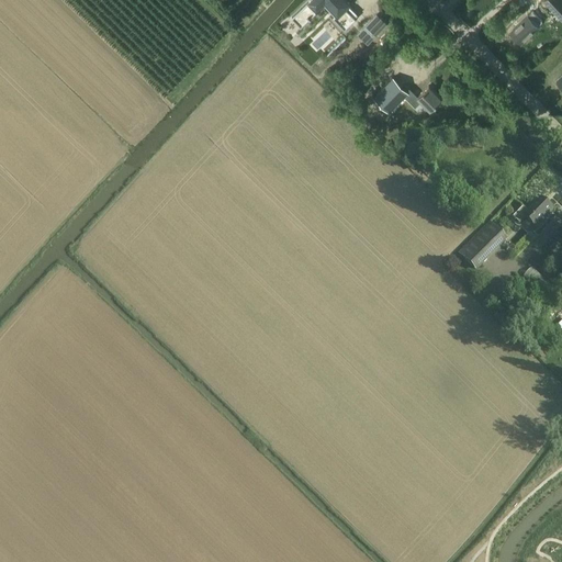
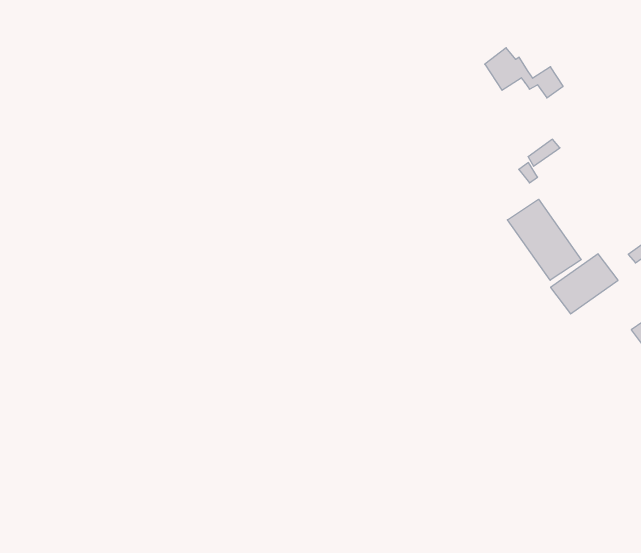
building: none -> [507,199,581,280]

